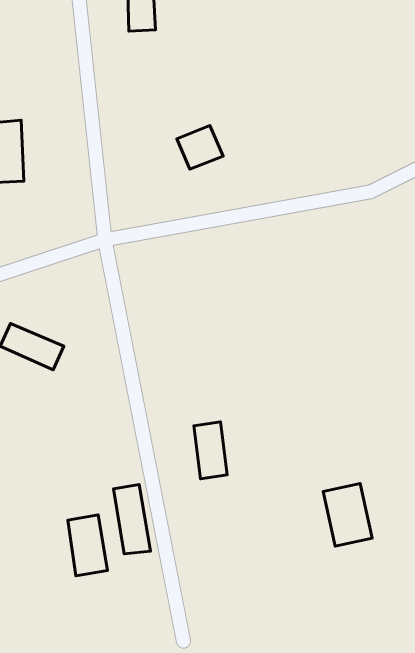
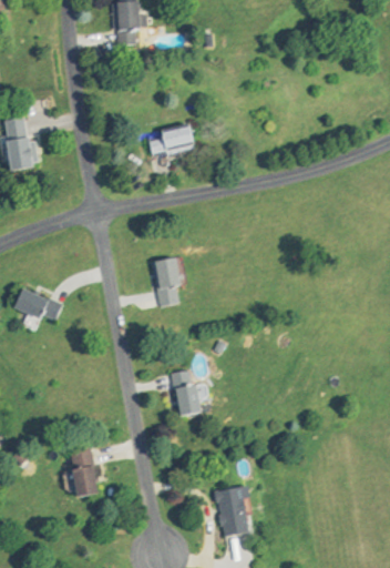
building: none -> [153,256,181,305]
building: [323,484,372,546] -> [214,485,255,537]
building: [113,484,150,554] -> none

